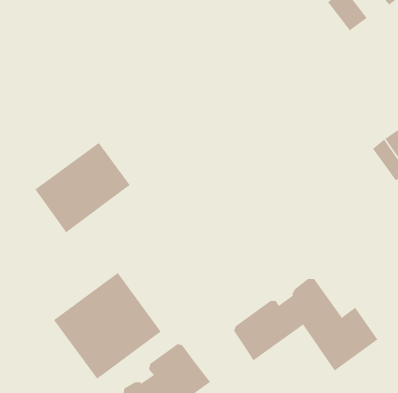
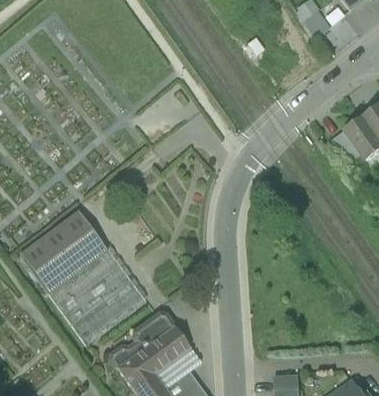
building: [34,142,131,233] -> [20,210,107,291]
building: [234,278,378,371] -> none

